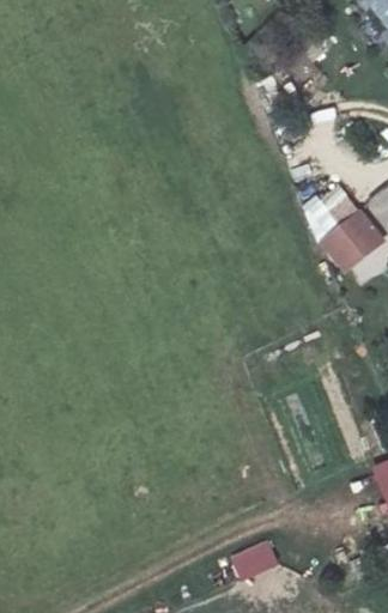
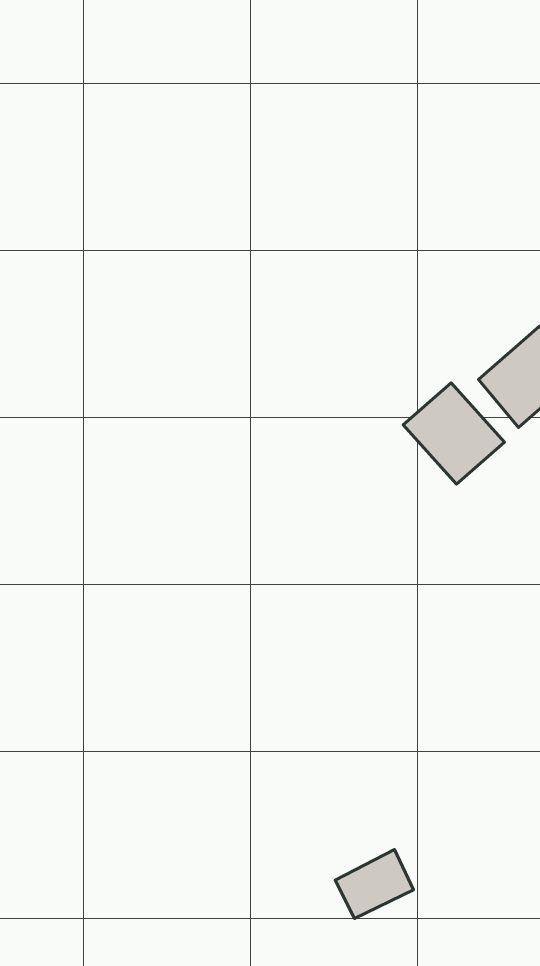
building: none -> [403,383,504,484]

